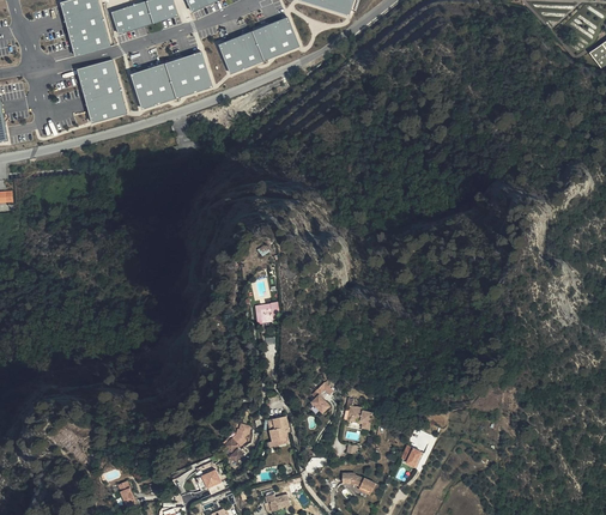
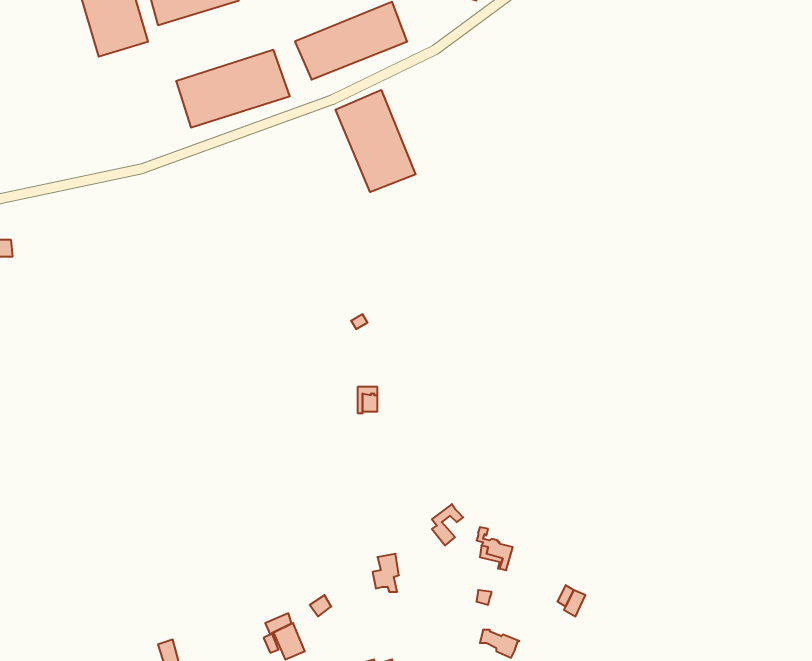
building: [75,59,127,122] -> none
building: none -> [335,90,416,192]

